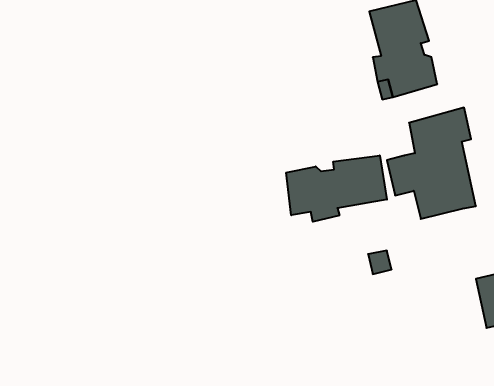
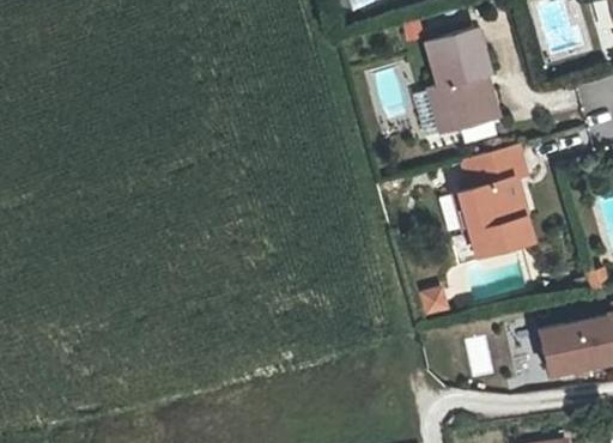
building: [286,155,387,222] -> none

